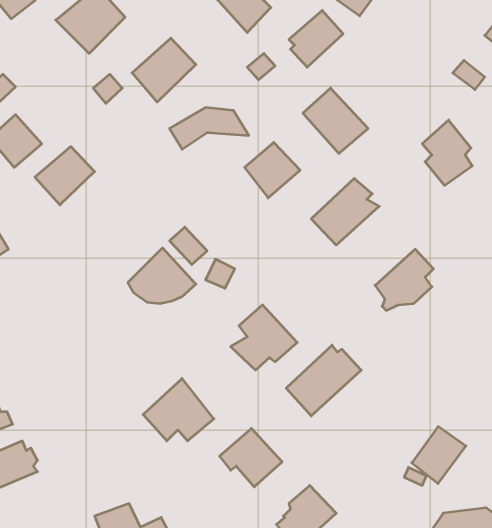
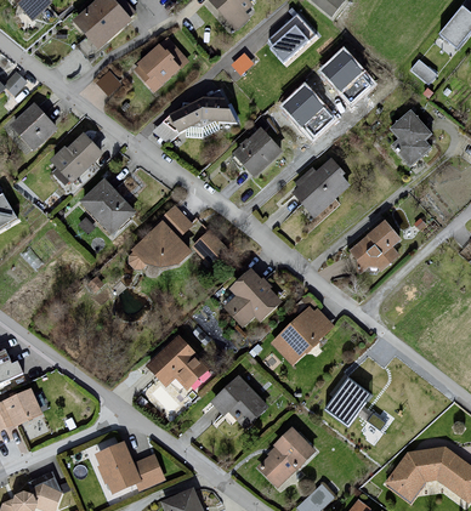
building: none -> [319,45,376,102]
building: none -> [78,178,131,235]
building: [412,427,466,484] -> [327,375,374,425]

